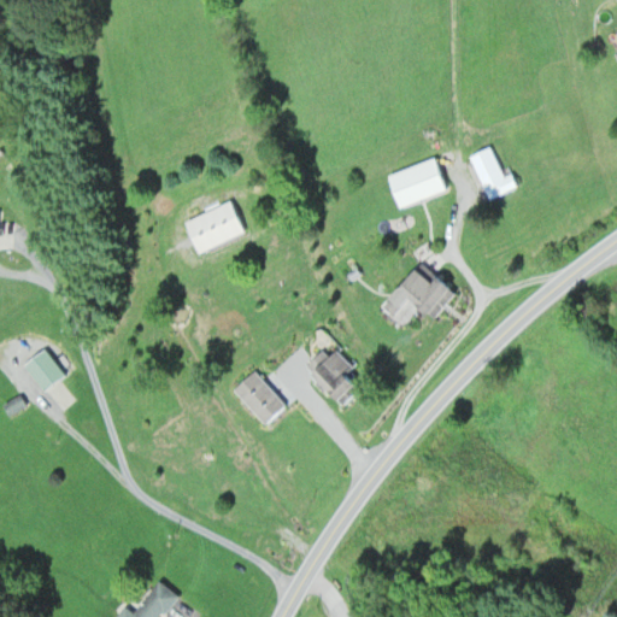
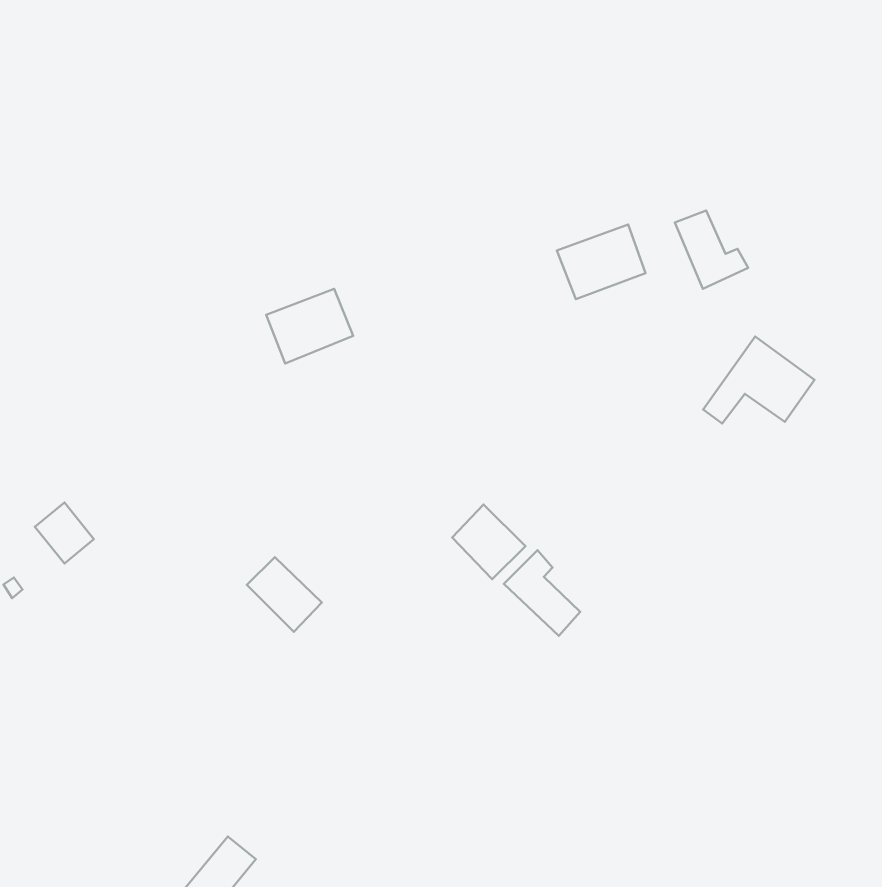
building: [381,259,458,319] -> [703,337,814,423]
building: [234,372,286,424] -> [247,557,322,632]
building: none -> [504,550,580,636]

